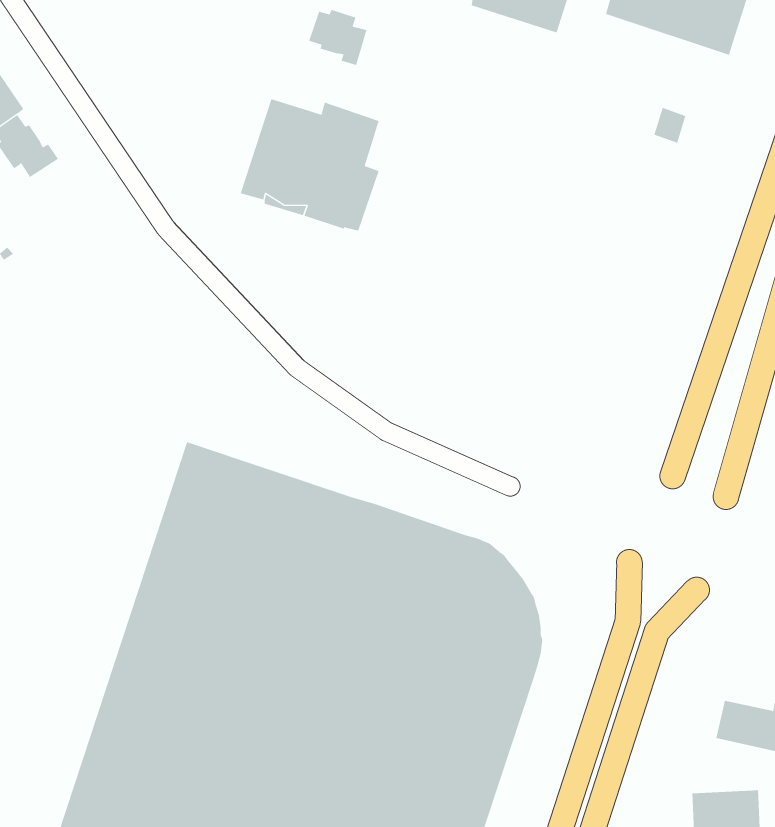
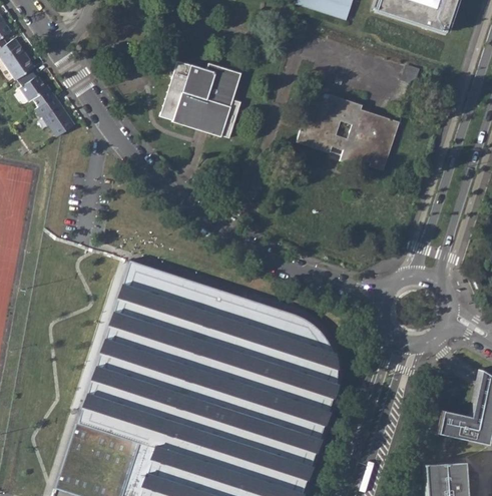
building: [309,9,367,66] -> none
building: none -> [299,94,401,171]
building: none -> [37,96,76,137]

